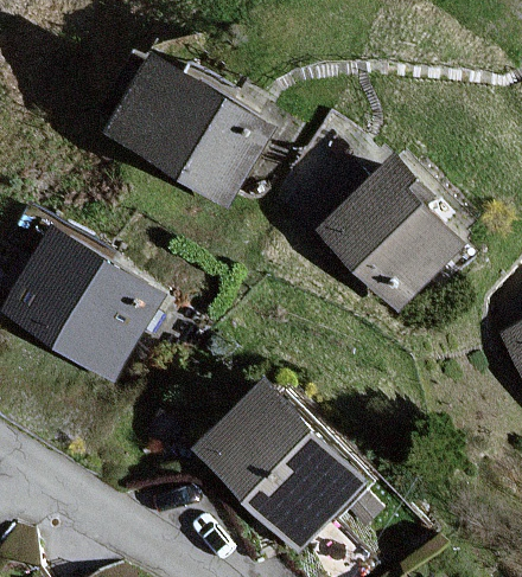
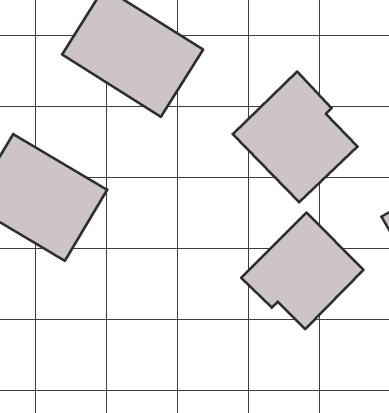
building: none -> [241,213,363,329]
building: [190,379,365,556] -> none

